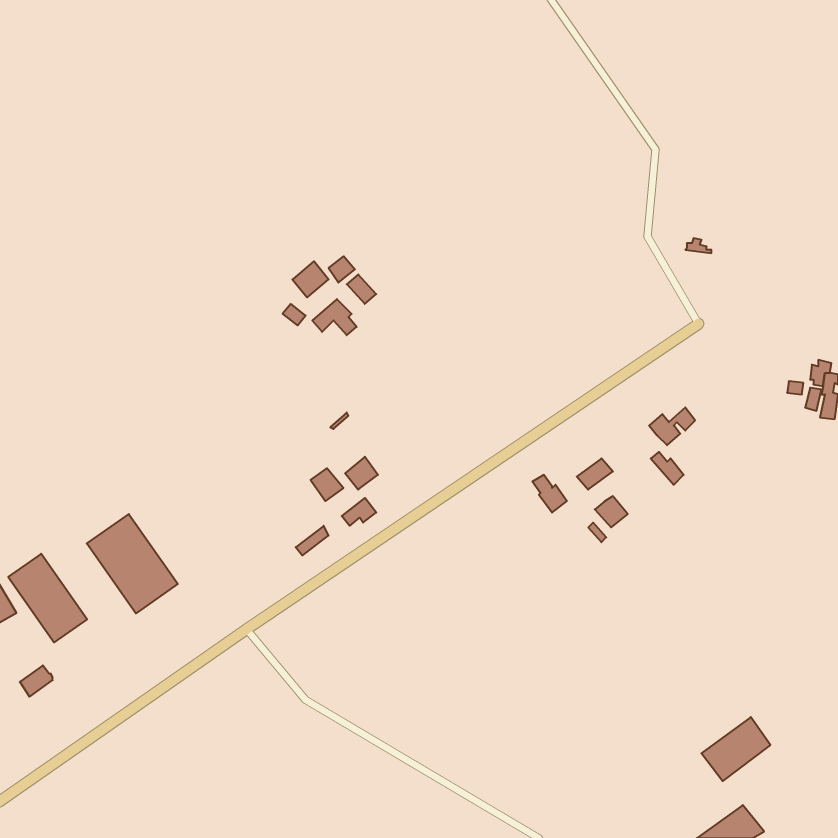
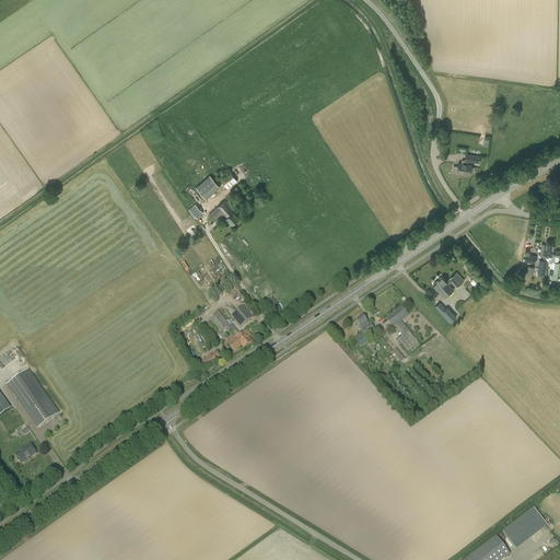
building: [87,514,178,613] -> none
building: [701,717,770,781] -> [502,506,548,549]

